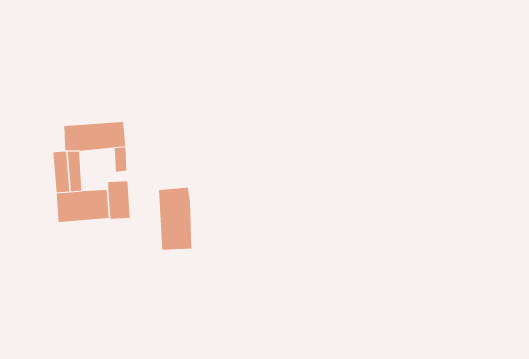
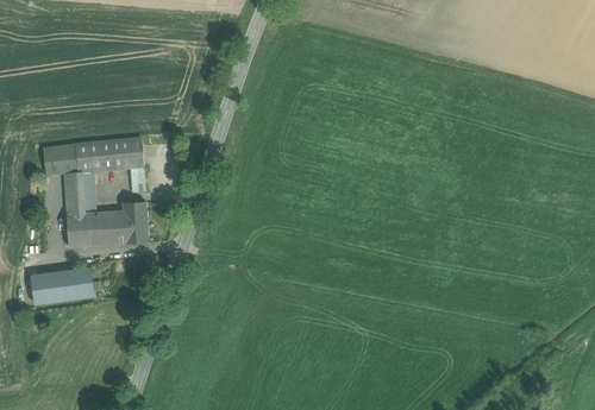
building: none -> [42,143,76,172]
building: [158,187,192,250] -> none
building: none -> [31,267,94,304]

